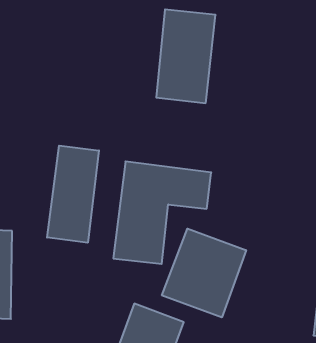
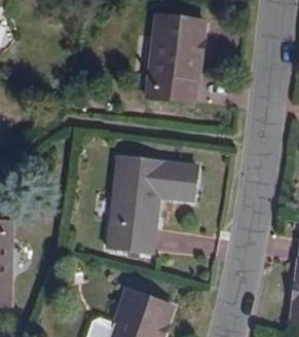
building: [47,146,99,243] -> none
building: [162,229,246,317] -> none

